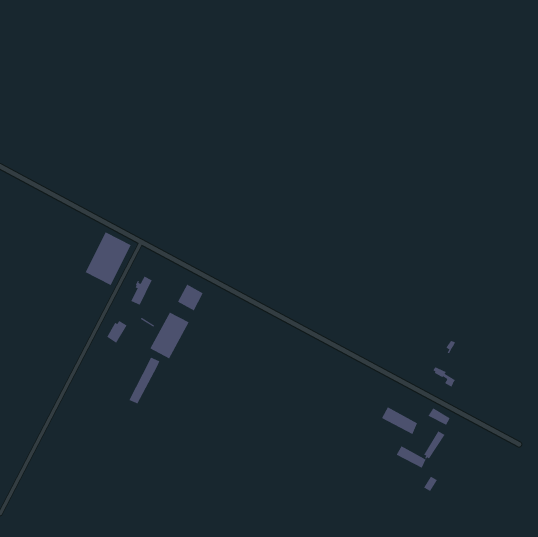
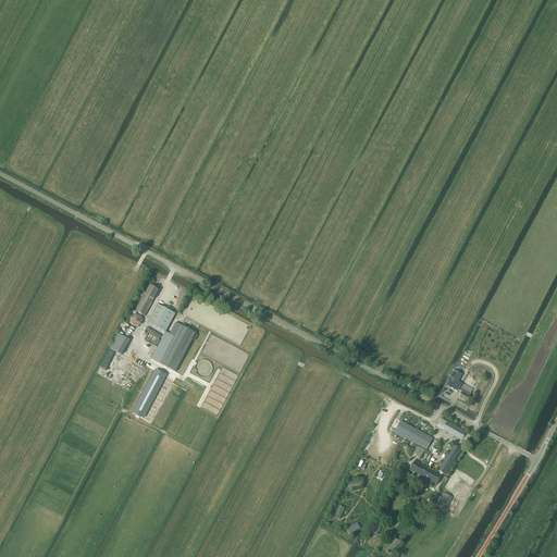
building: [85,231,131,286] -> none
building: [177,284,204,311] -> [148,304,175,332]

